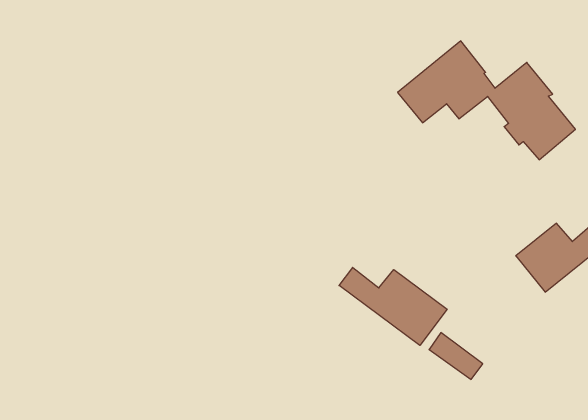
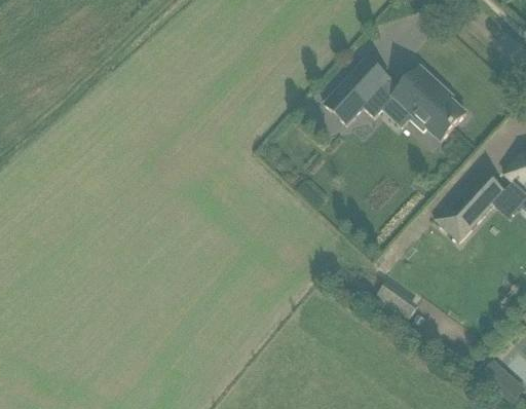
building: [339,267,447,345] -> none

